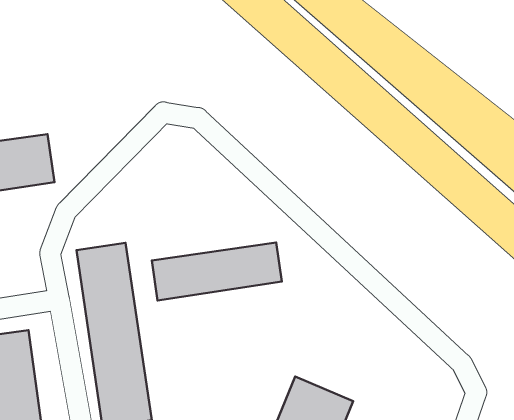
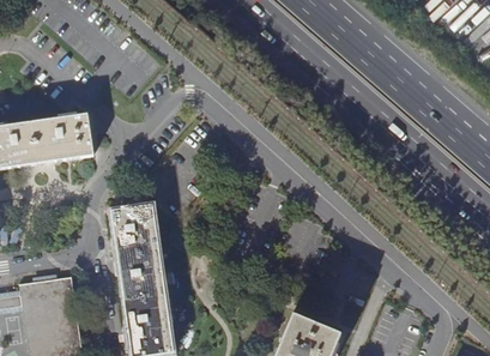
building: [152,242,282,301] -> none

